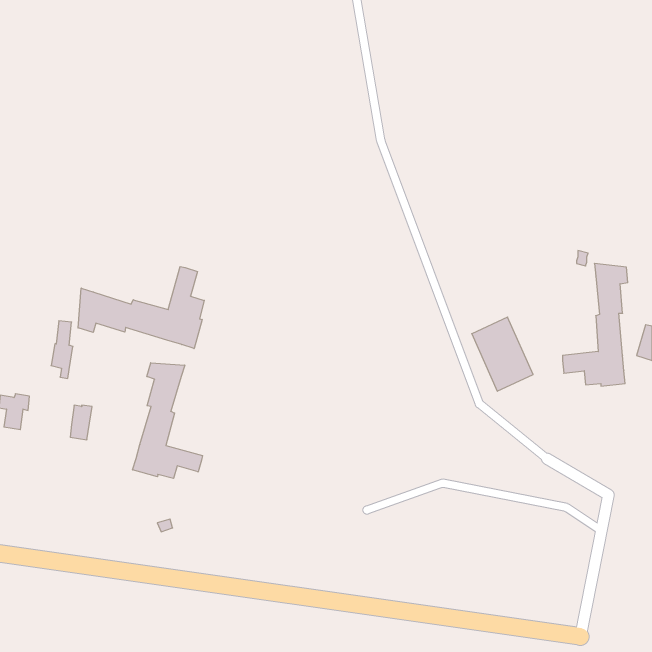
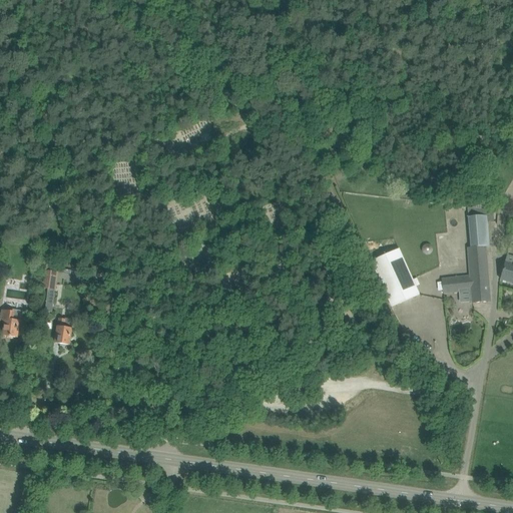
building: [78,267,204,349] -> none
building: [133,363,202,478] -> none

